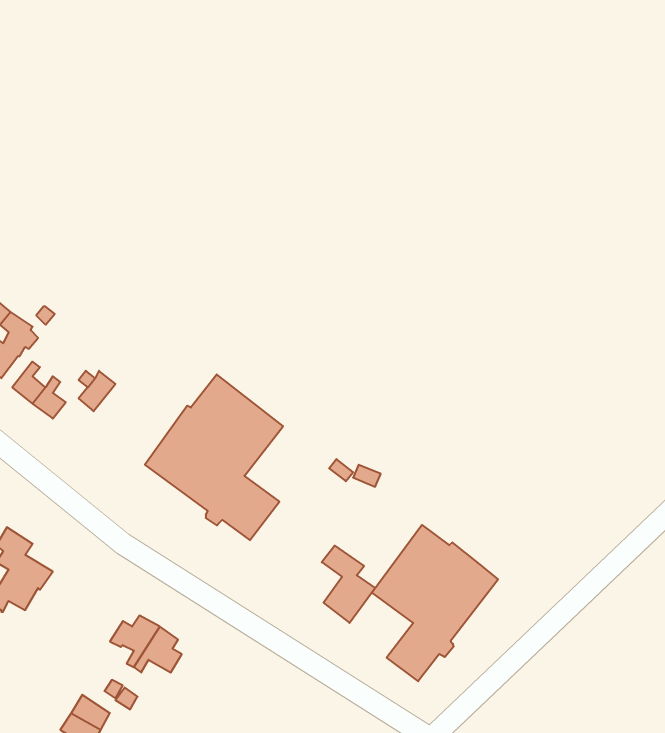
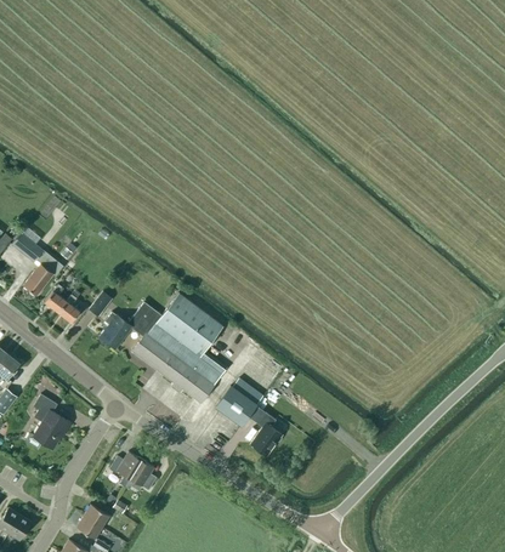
building: none -> [101,302,160,349]
building: none -> [216,379,265,426]
building: [372,525,498,681] -> none

